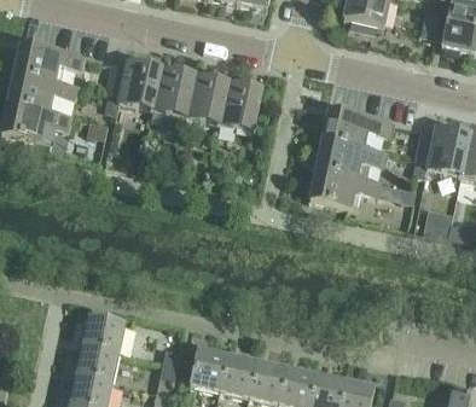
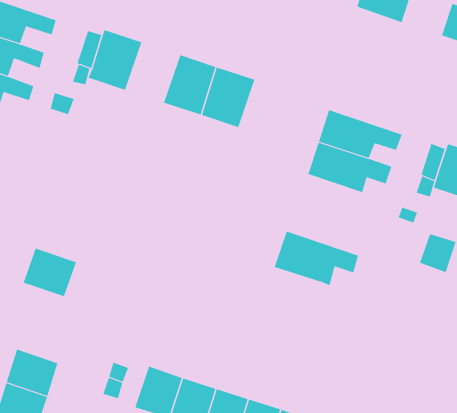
building: [151,66,195,117] -> none
building: [309,165,382,209] -> [274,231,359,286]
building: [81,313,126,353] -> [23,248,77,297]

